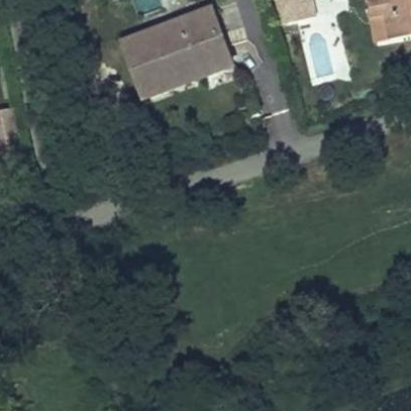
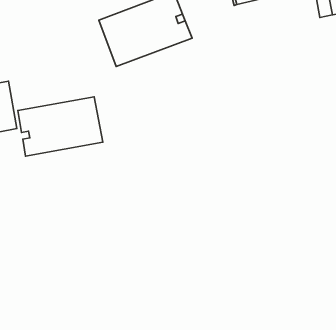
building: none -> [18,97,103,156]

